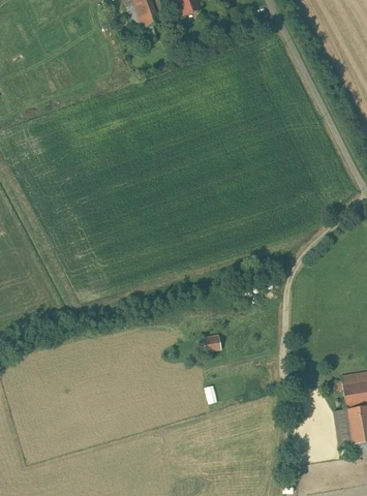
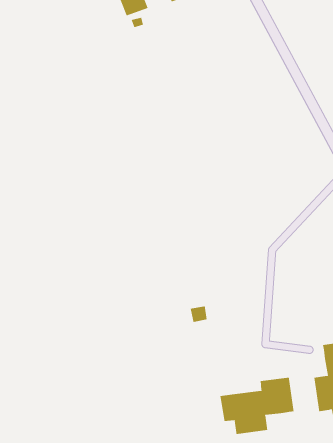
building: none -> [220,377,294,435]

